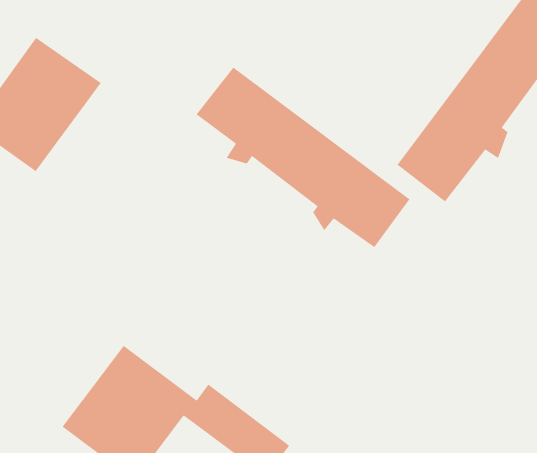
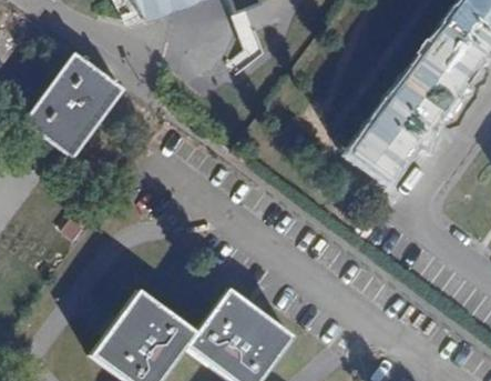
building: [196,66,410,248] -> none
building: none -> [205,289,291,369]

